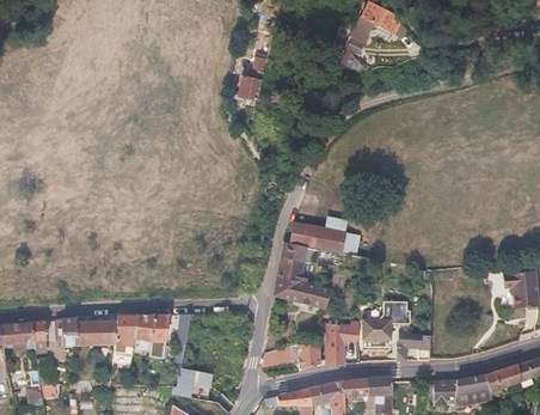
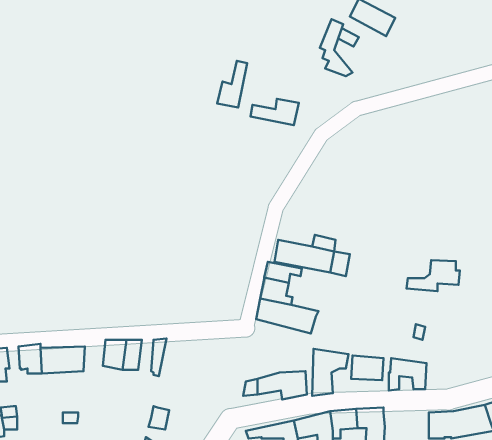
building: none -> [250,99,299,125]
building: [363,303,412,331] -> [406,260,460,291]
building: [115,315,136,356] -> none

